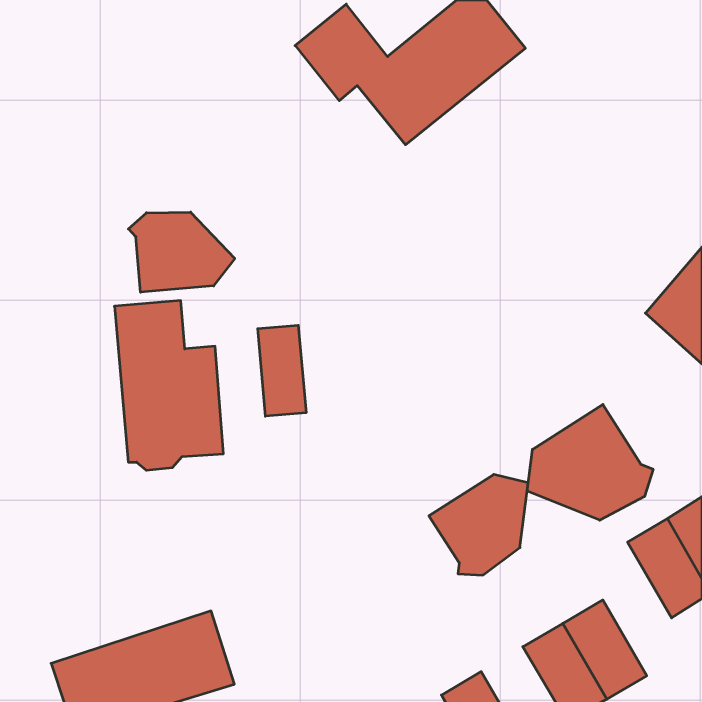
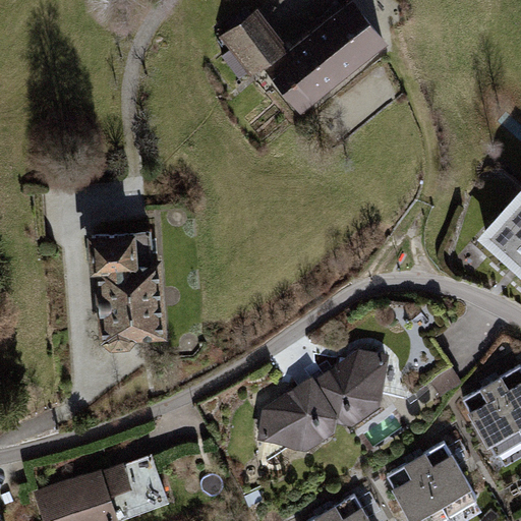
building: [128,212,235,292] -> none
building: [258,325,306,416] -> none
building: [527,404,653,520] -> none
building: none -> [260,380,339,451]

